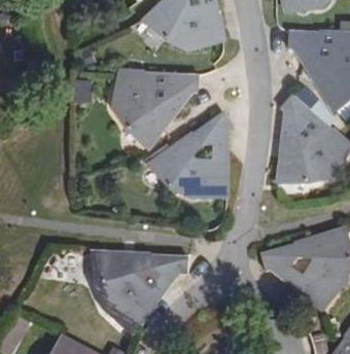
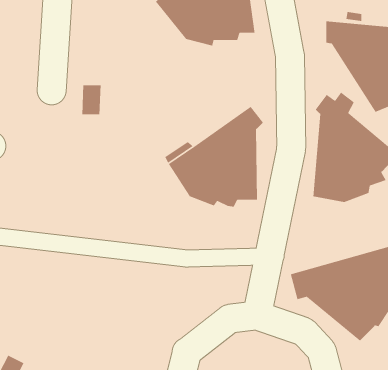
building: [111,72,202,148] -> none
building: [100,251,188,321] -> none

